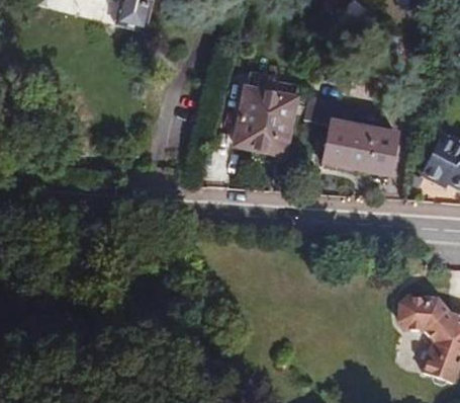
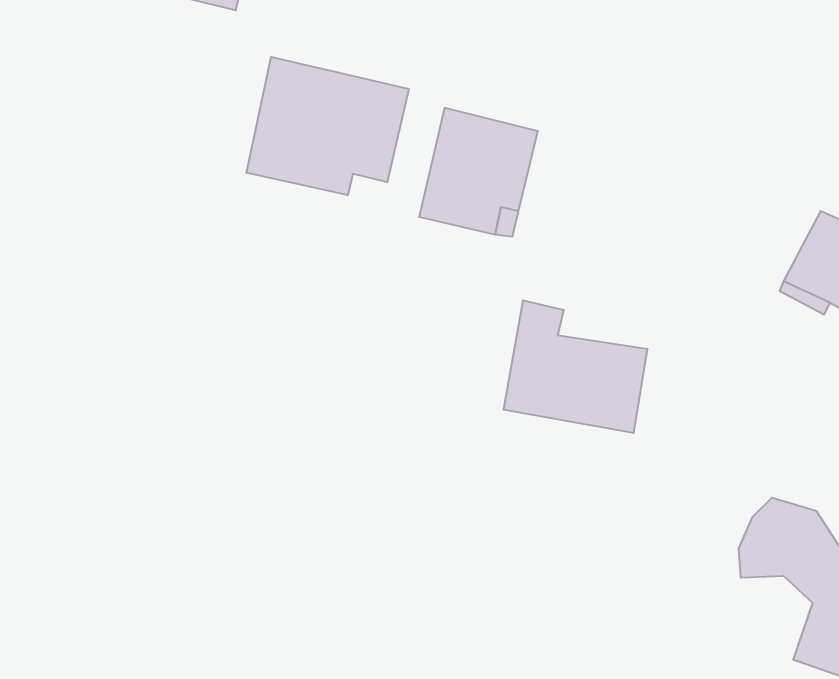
building: none -> [246,57,409,195]
building: [323,104,397,173] -> [503,300,648,433]

